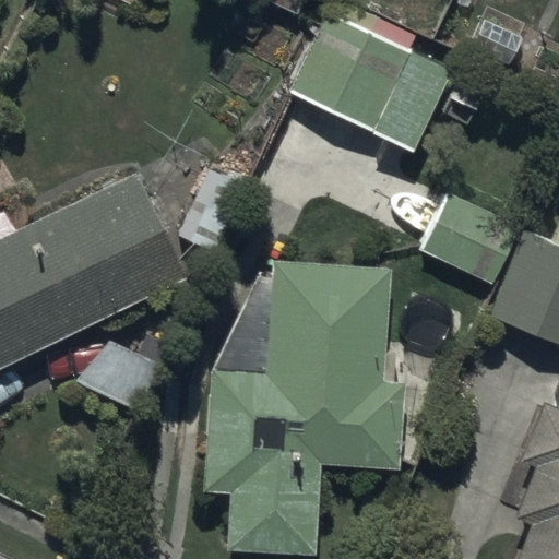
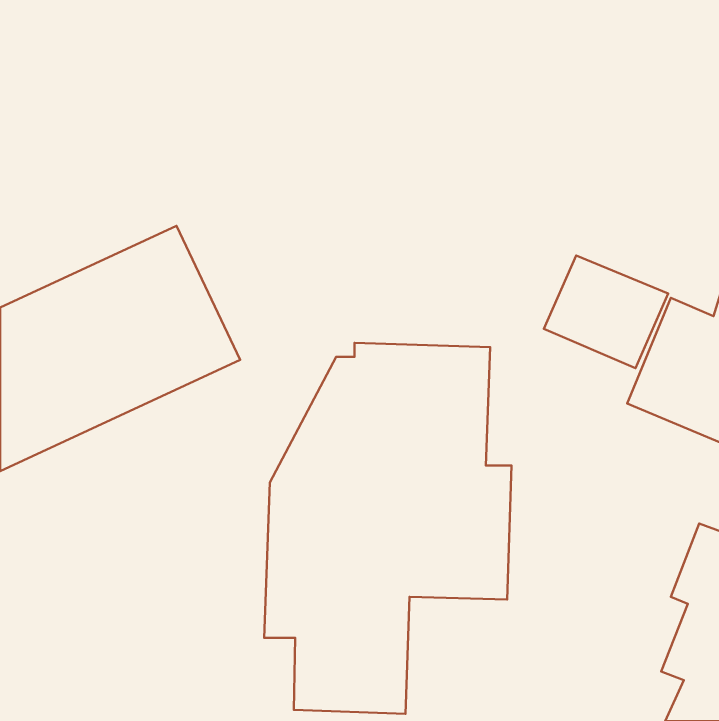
building: [295,12,454,150] -> none

